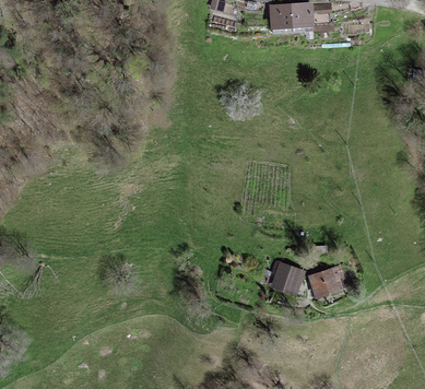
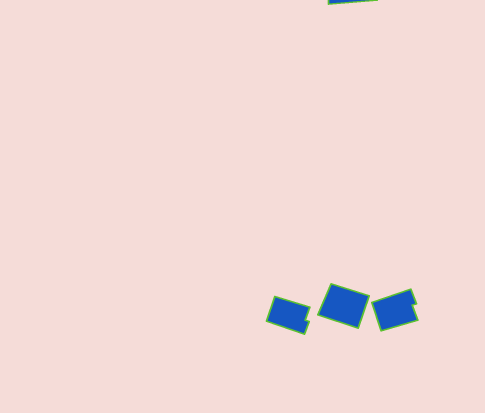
building: none -> [267,297,310,334]

